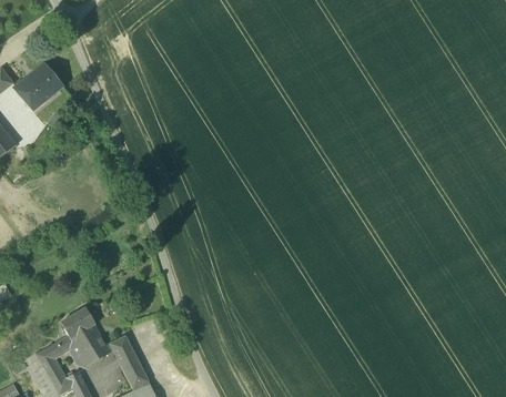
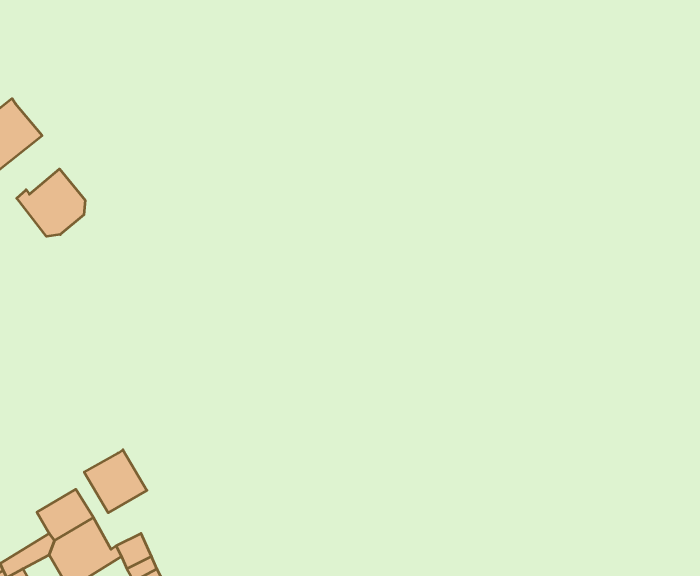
building: none -> [17,169,85,236]
building: none -> [84,450,147,513]

